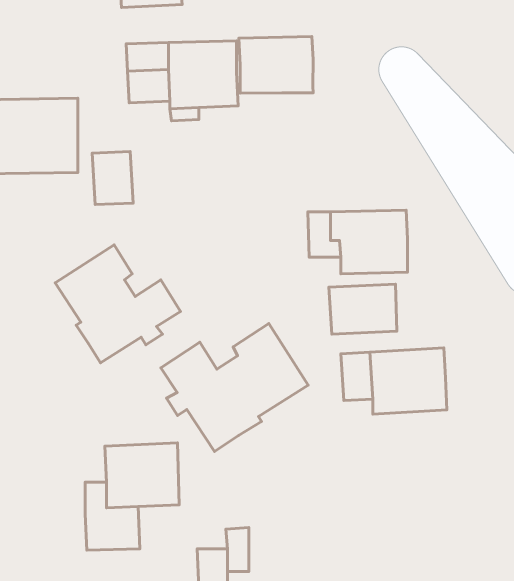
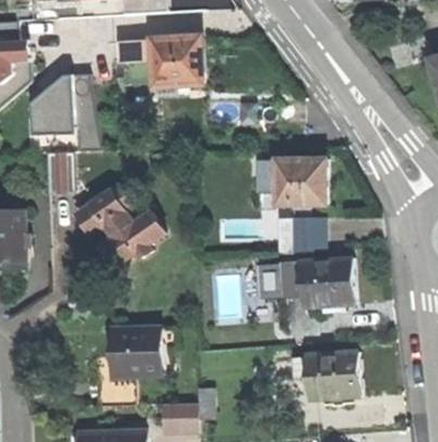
building: [239,36,313,93] -> none
building: [92,152,133,205] -> [44,153,73,191]
building: [161,324,308,452] -> none
building: none -> [287,351,363,406]

